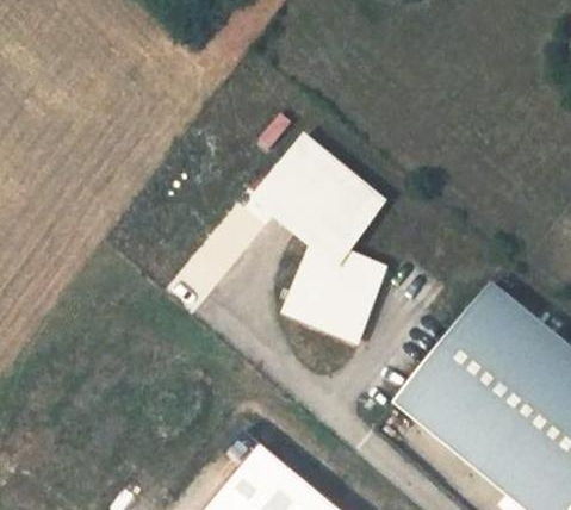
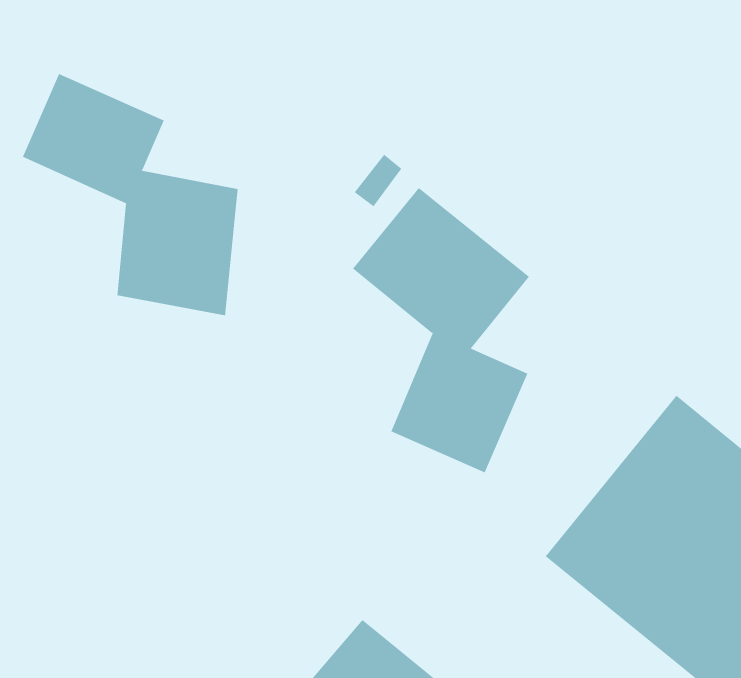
building: none -> [22,73,238,316]

